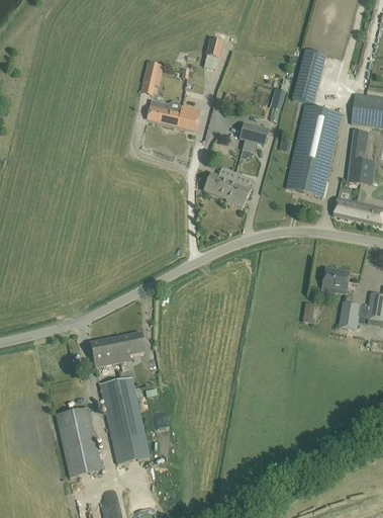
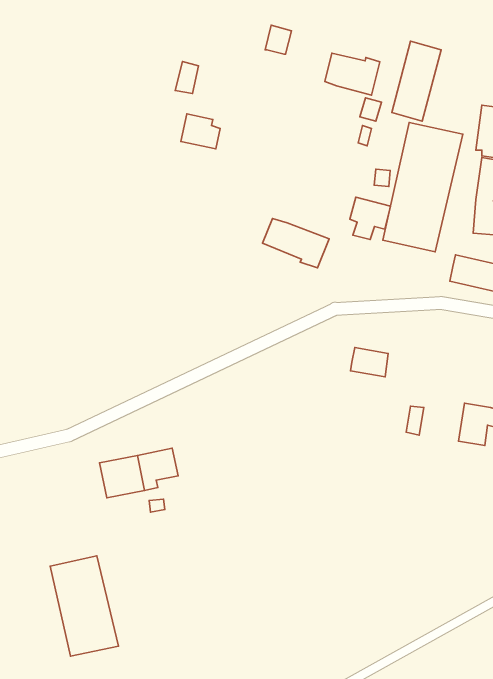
building: none -> [325,53,380,95]
building: [170,105,198,130] -> none
building: [238,122,267,152] -> [350,197,391,239]
building: [322,268,349,288] -> [350,348,388,377]
building: [99,377,148,463] -> none

